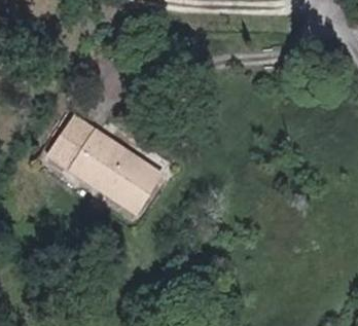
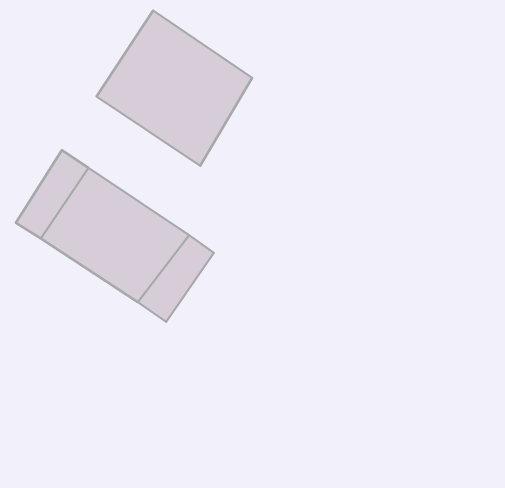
building: none -> [96,10,252,166]

